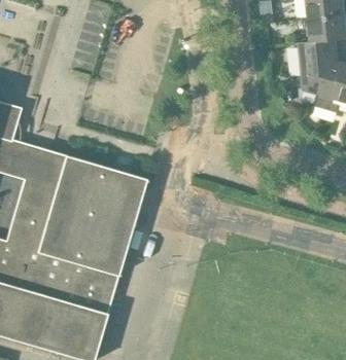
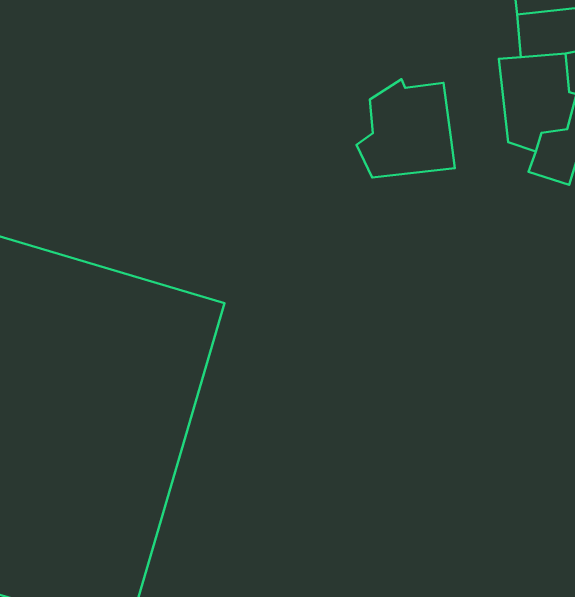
building: none -> [356,79,455,177]

